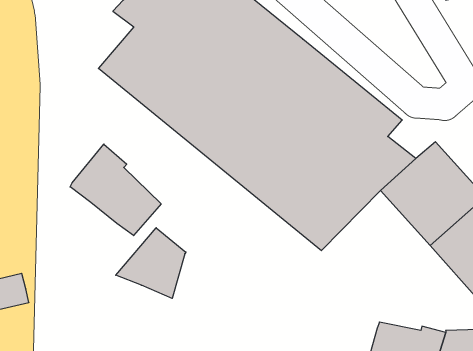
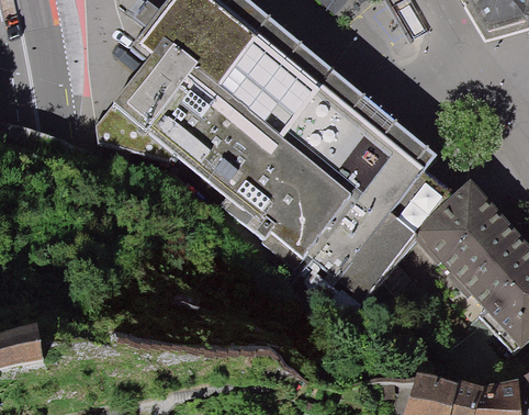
building: [70,144,161,236] -> none
building: [116,228,186,298] -> none

